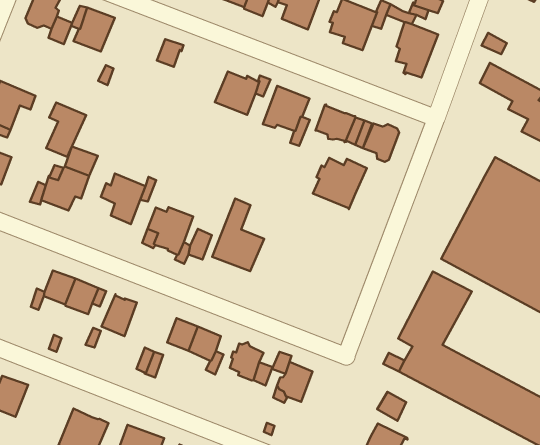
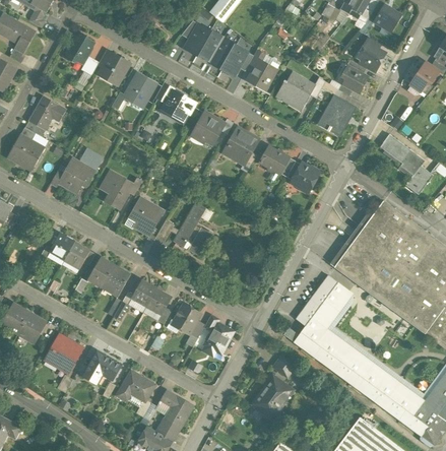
building: none -> [124,72,155,105]
building: none -> [164,91,195,120]
building: [46,103,86,157] -> none
building: [313,158,367,209] -> none
building: none -> [103,265,130,297]
building: none -> [17,312,46,343]

